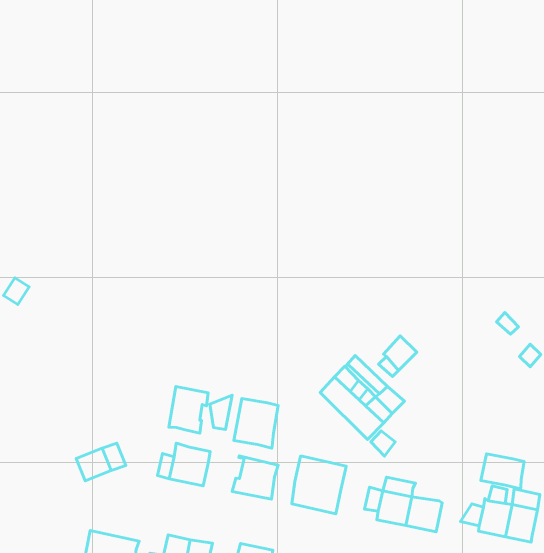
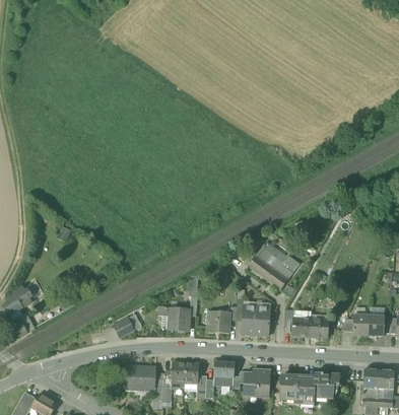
building: [169,386,208,433] -> none
building: [234,398,278,448] -> none
building: [481,454,524,489] -> none

